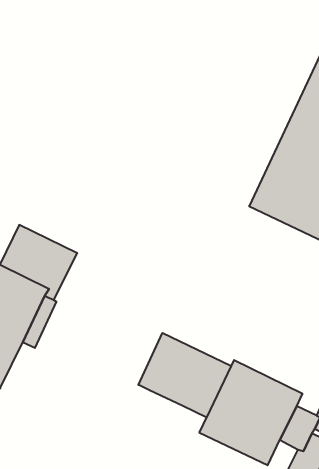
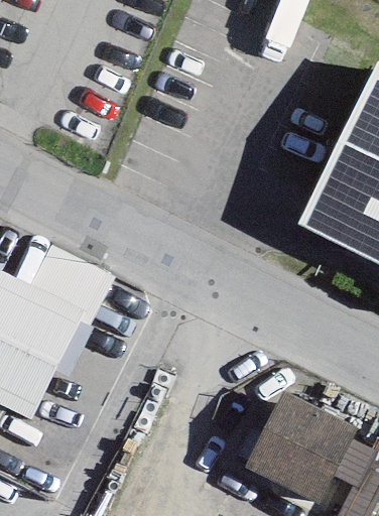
building: [138,333,231,417] -> none

